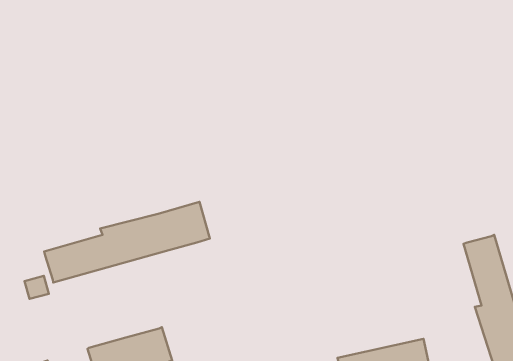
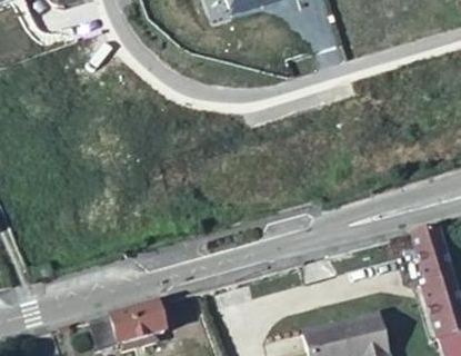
building: [44,202,210,283] -> none

